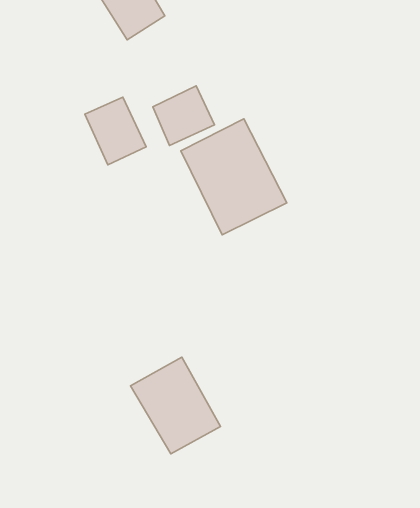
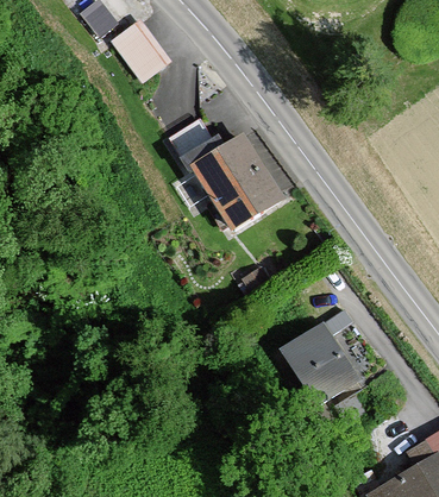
building: [85,97,146,165] -> none
building: [131,357,220,454] -> [282,326,359,407]

